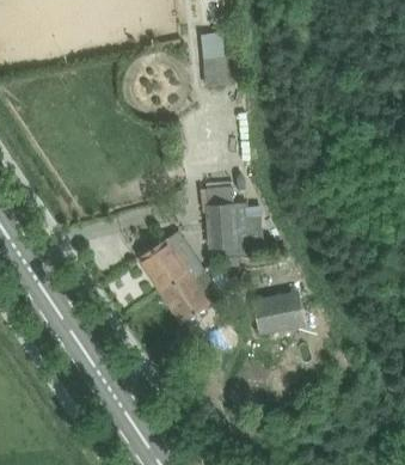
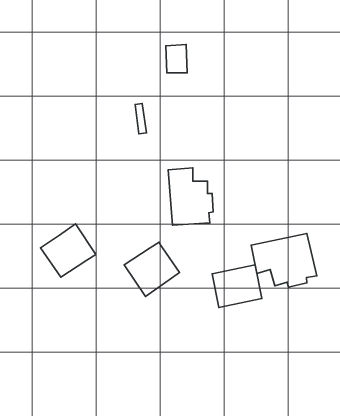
building: [137,234,196,290] -> [40,224,96,277]
building: none -> [251,233,317,287]

